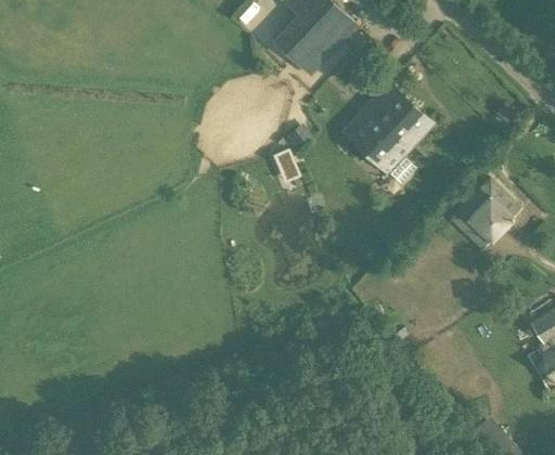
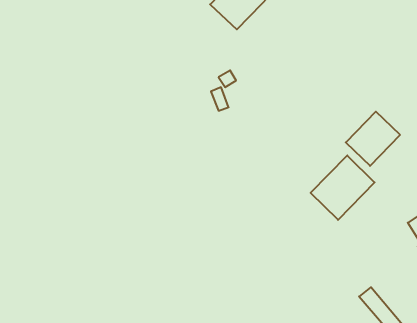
building: [347,87,424,165] -> none
building: none -> [311,155,375,220]

